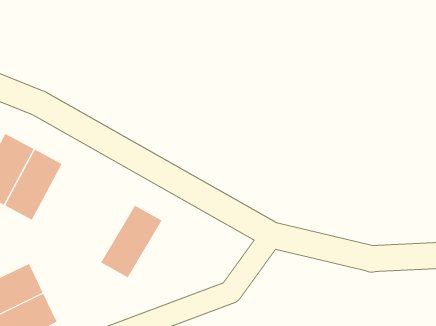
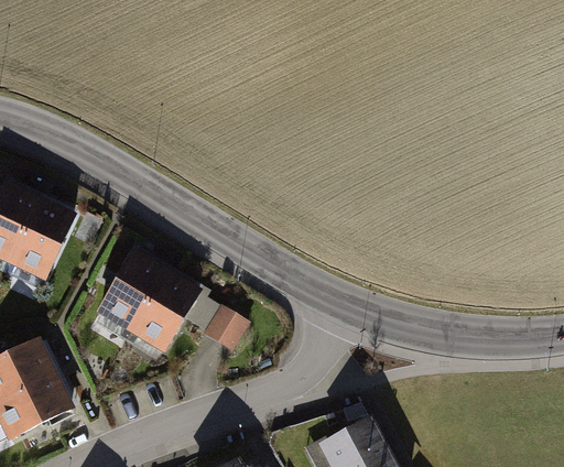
building: none -> [93,245,171,338]
building: none -> [186,290,254,348]

